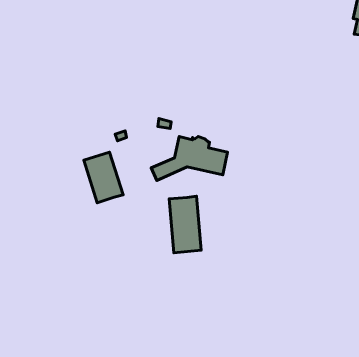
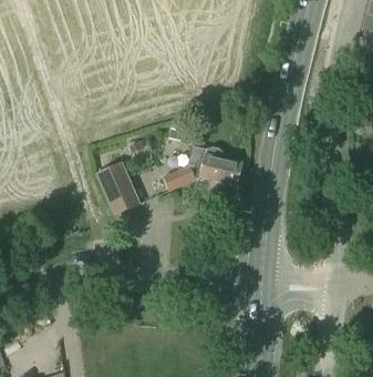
building: [169,196,201,253] -> none

